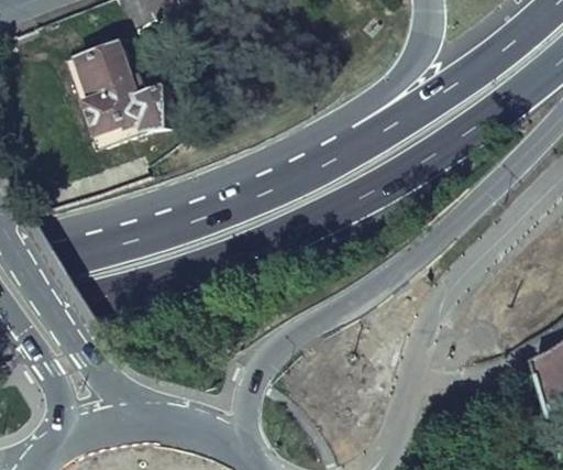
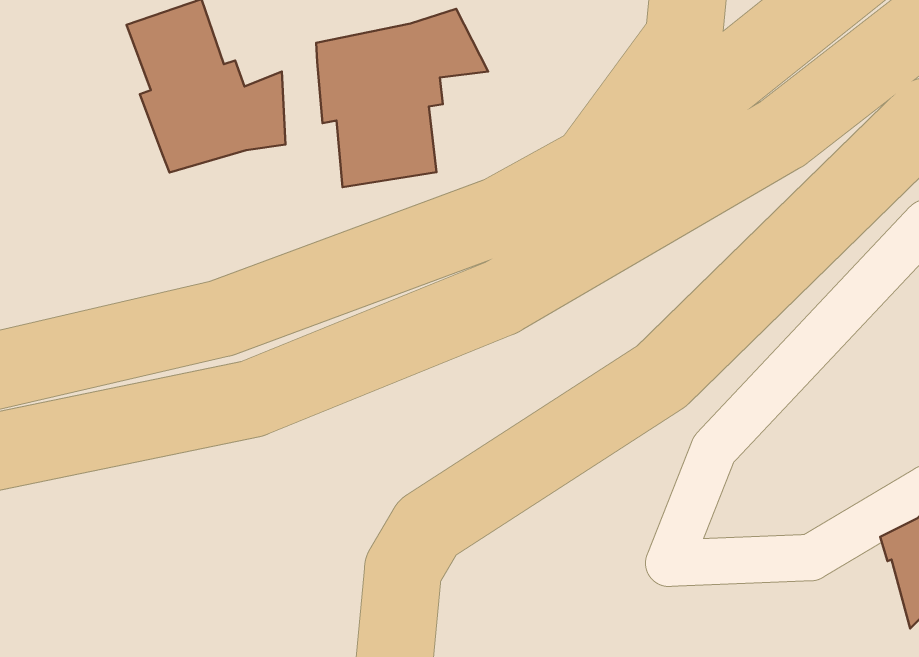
building: none -> [316,9,488,187]

